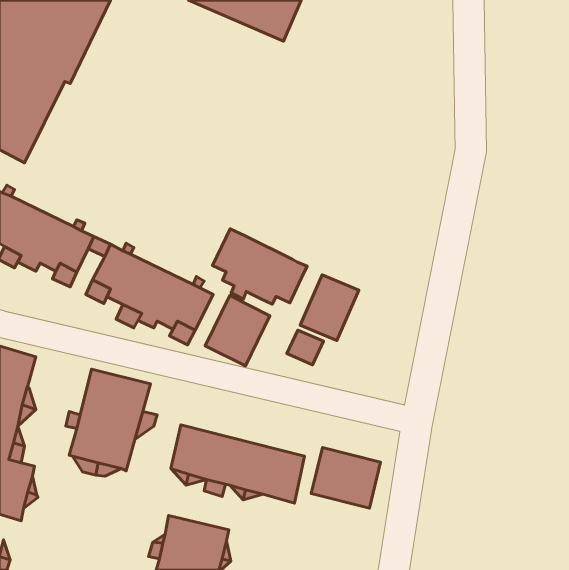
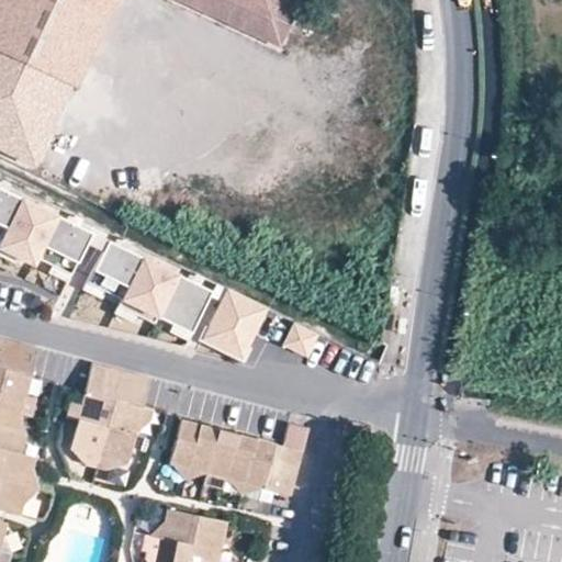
building: [212,229,307,304] -> none
building: [300,275,359,341] -> none
building: [311,447,381,508] -> none

